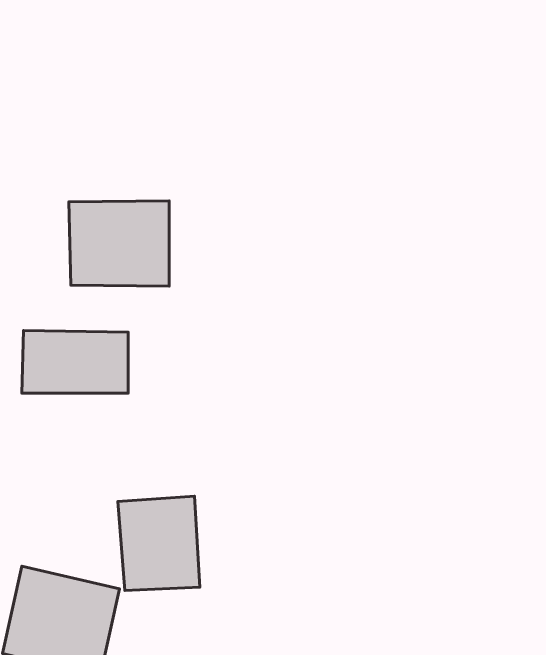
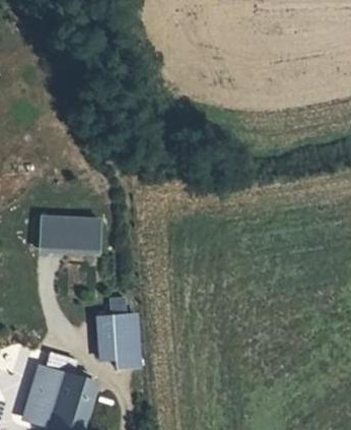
building: [69,201,169,286] -> none

